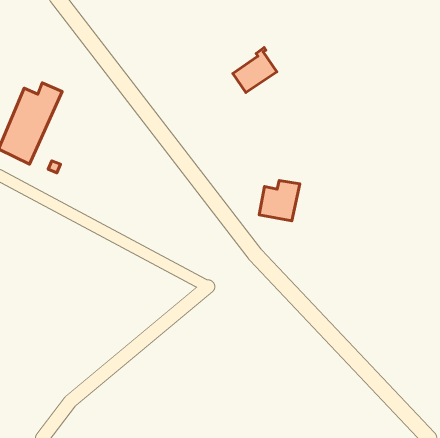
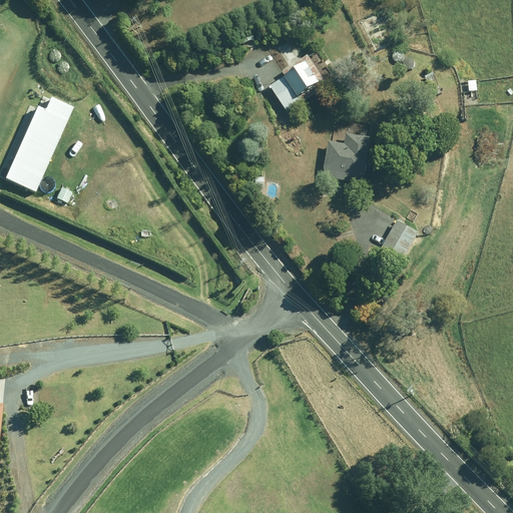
building: [259,180,300,221] -> [324,133,371,180]
building: none -> [382,220,418,261]

